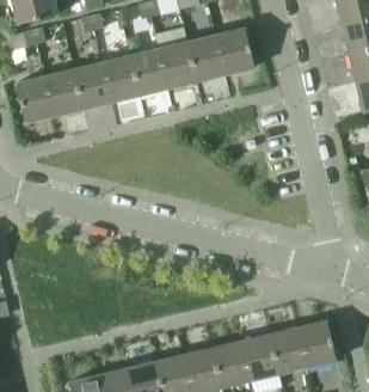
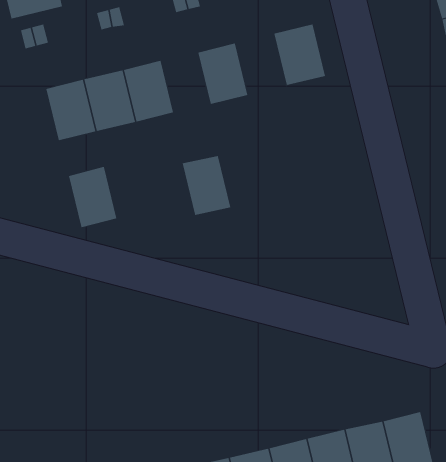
building: [186,35,225,81] -> none
building: [130,49,167,94] -> [182,155,231,216]
building: [16,76,53,123] -> [68,166,117,228]

